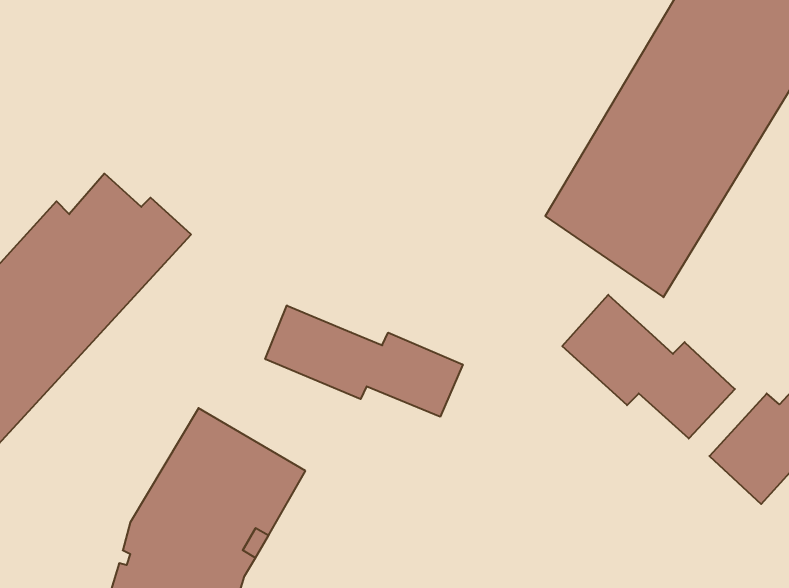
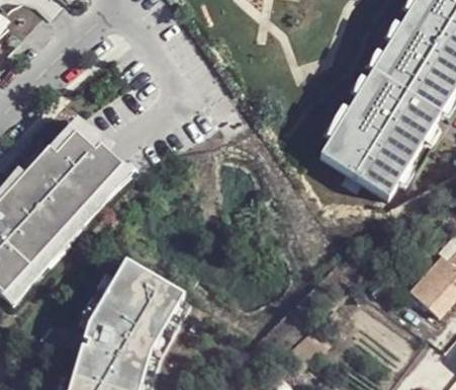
building: [562,295,735,439] -> none
building: [265,305,463,417] -> none

